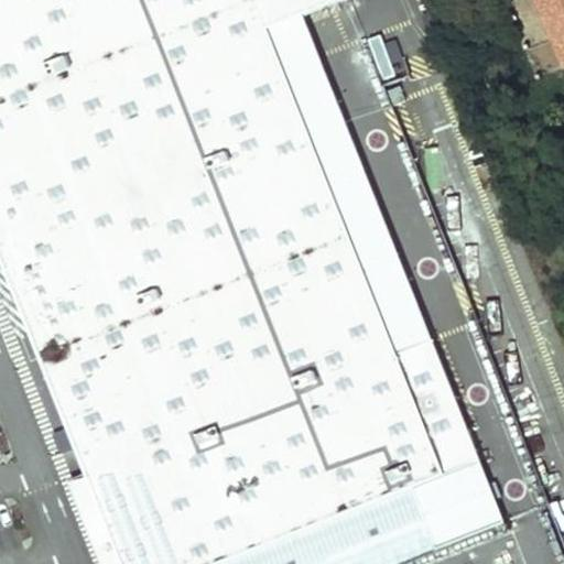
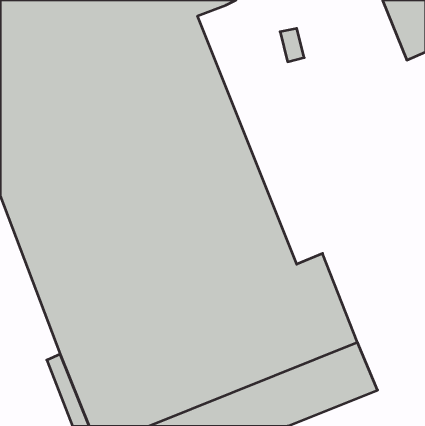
building: [262,7,427,349] -> none

